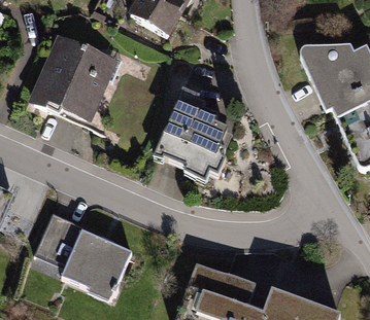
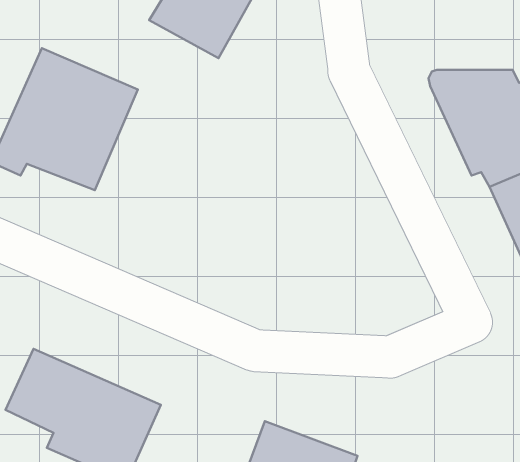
building: [153,86,232,181] -> none

